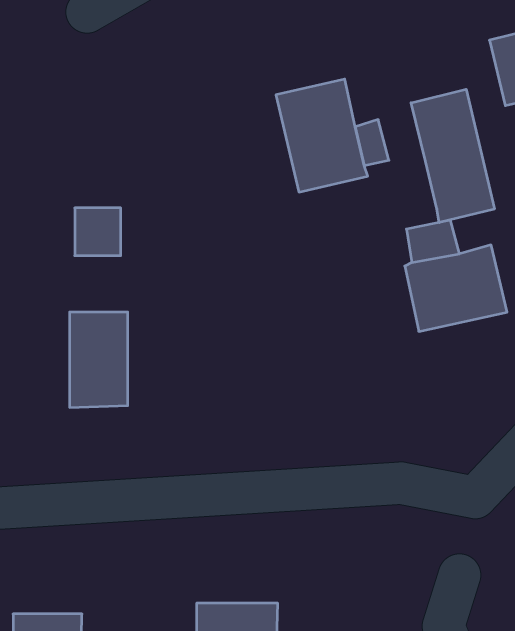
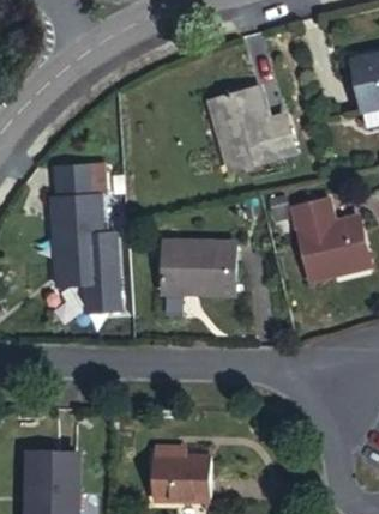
building: [411,89,494,223] -> none
building: none -> [64,214,115,253]
building: none -> [161,240,231,286]

